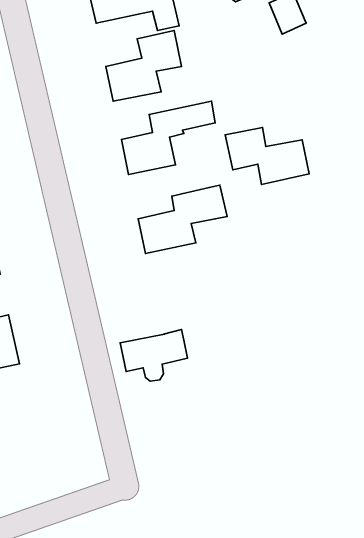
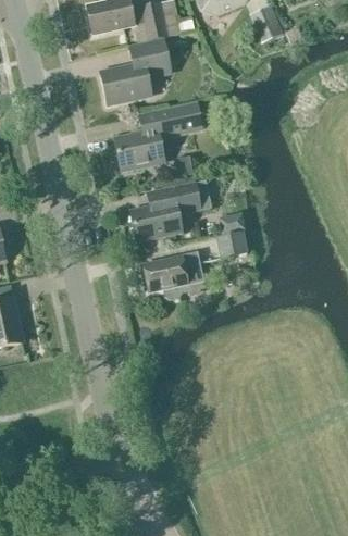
building: [225,127,309,184] -> none
building: none -> [213,229,244,257]
building: [120,330,187,381] -> [142,251,203,298]

